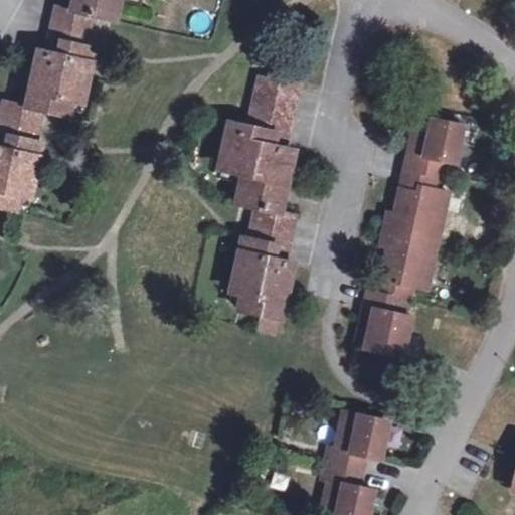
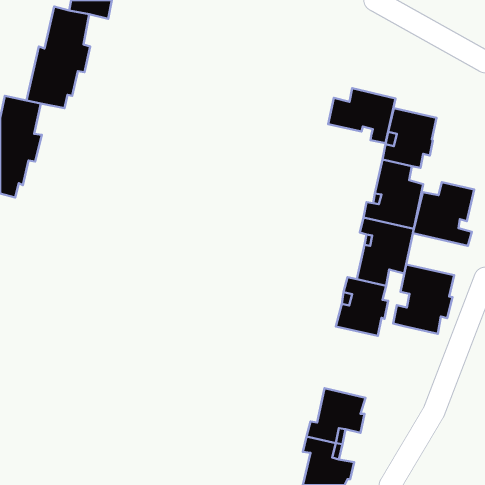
building: [220,78,299,335] -> none
building: none -> [328,88,395,143]
building: none -> [413,182,474,246]
building: none -> [393,265,454,334]

